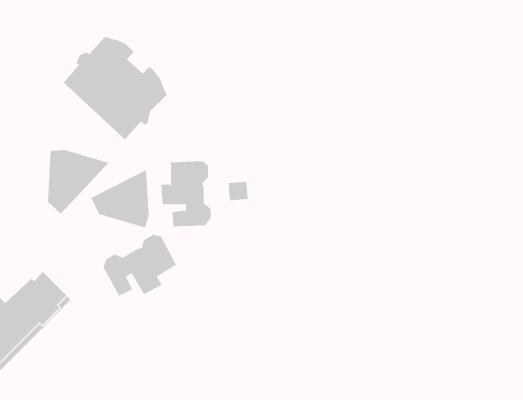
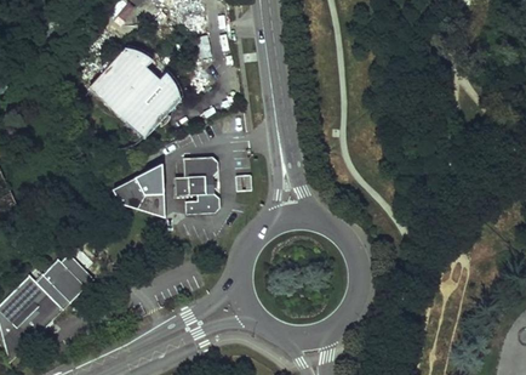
building: [47,149,109,215] -> none
building: [103,234,177,297] -> none

